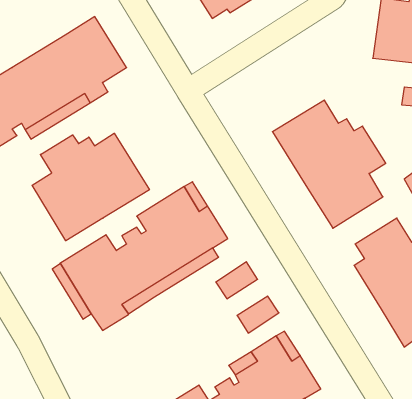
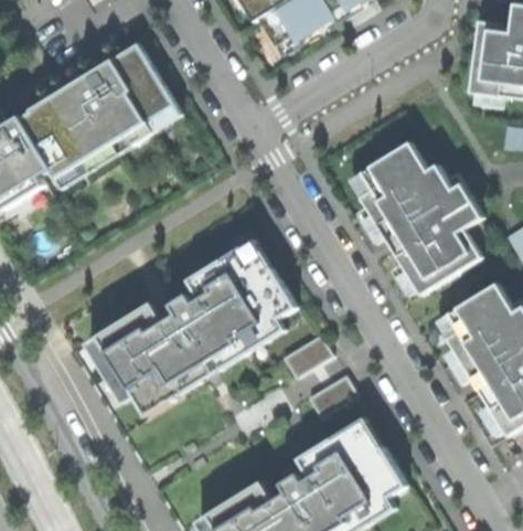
building: [32,133,149,241] -> none

